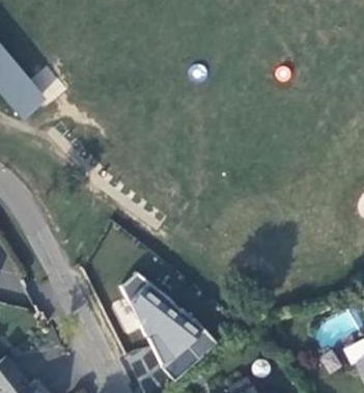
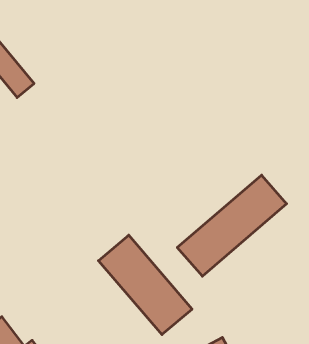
building: none -> [177,175,287,276]

